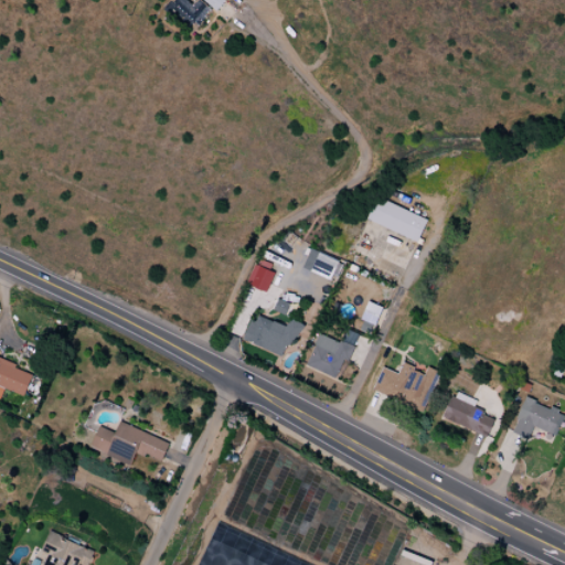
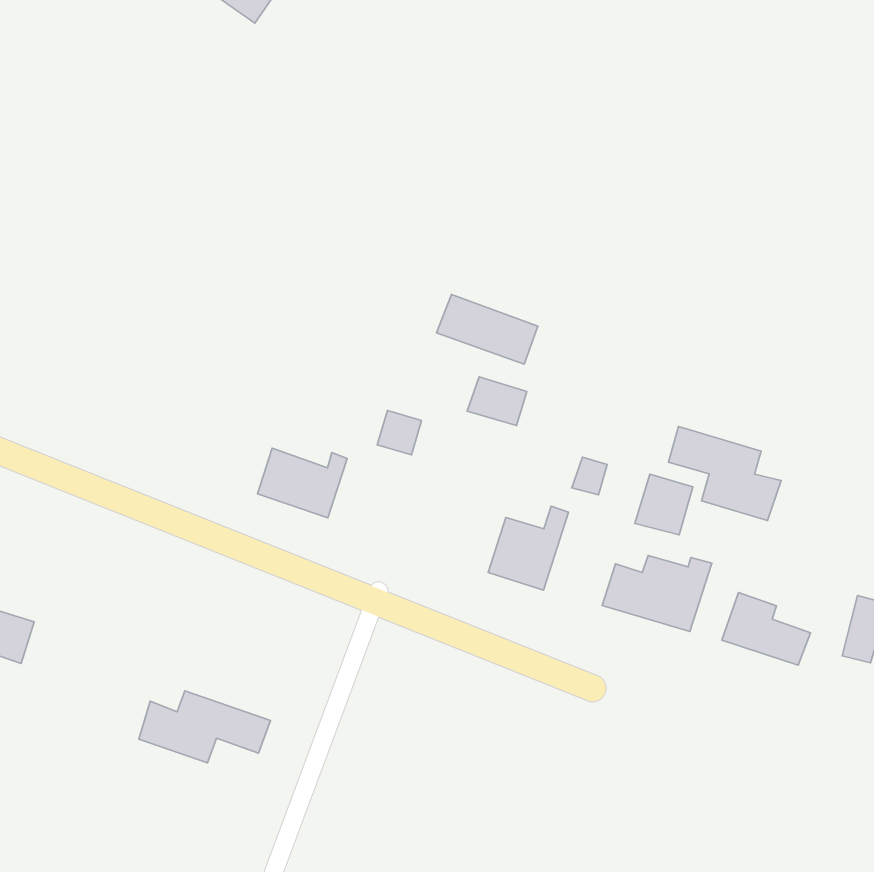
building: [366,196,427,242] -> [436,294,538,364]
building: none -> [669,427,781,521]
building: [244,312,299,356] -> [257,448,347,518]
building: none -> [635,474,693,535]

